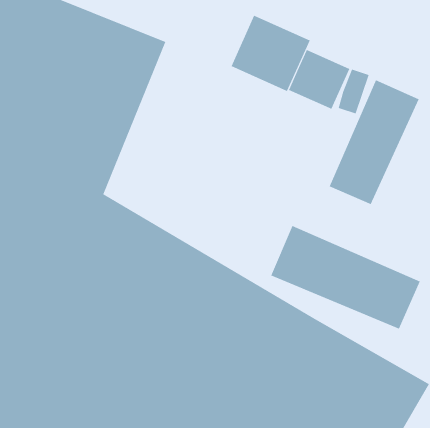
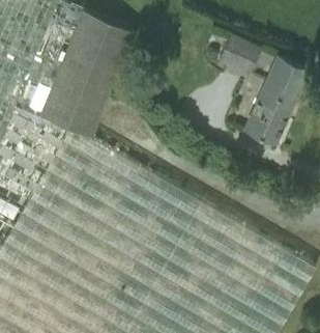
building: [231,15,310,92] -> none
building: [271,225,420,329] -> none

